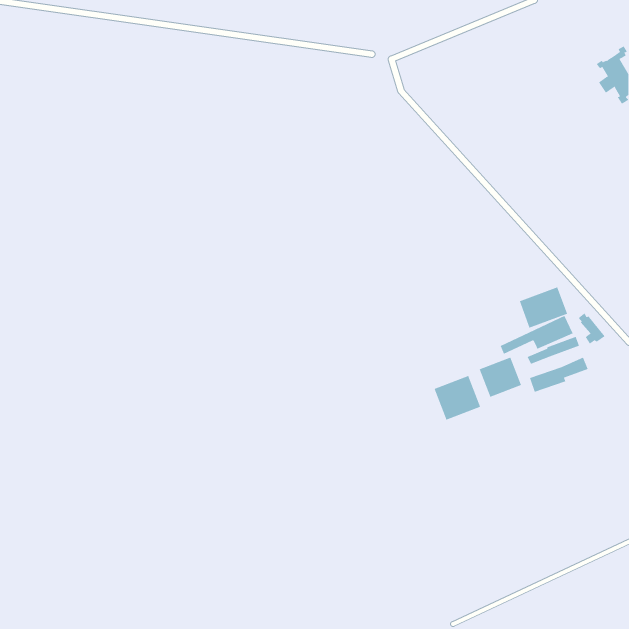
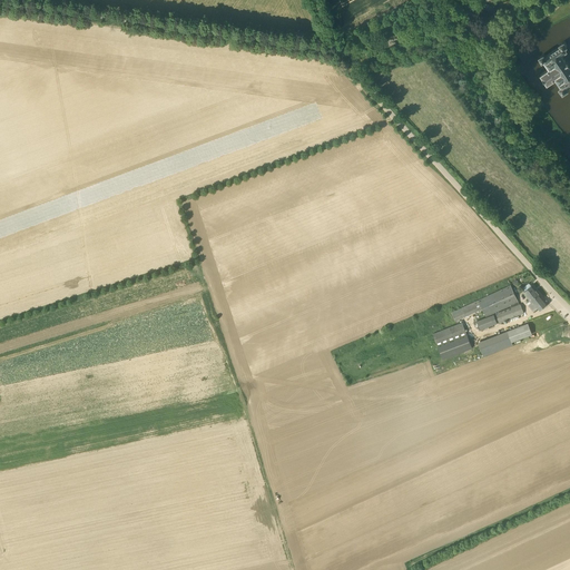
building: [519,286,568,329] -> none
building: [434,375,481,420] -> none

